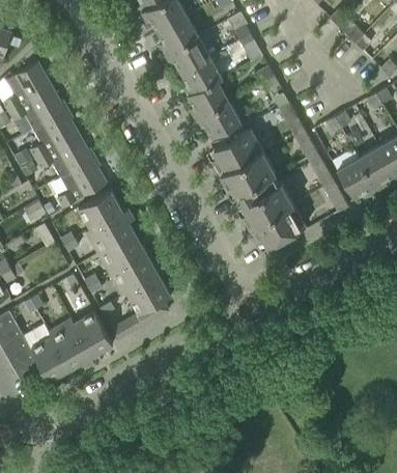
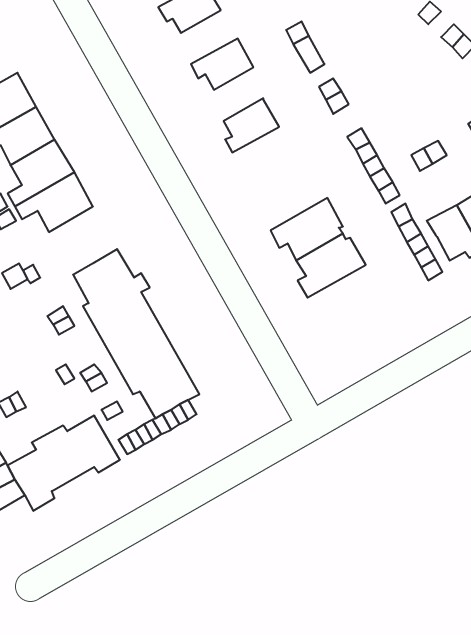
building: [157,16,198,55] -> none
building: [180,57,222,96] -> none
building: [194,101,239,138] -> none
building: [211,129,263,176] -> none
building: [57,159,106,207] -> none
building: [249,201,305,247] -> none

